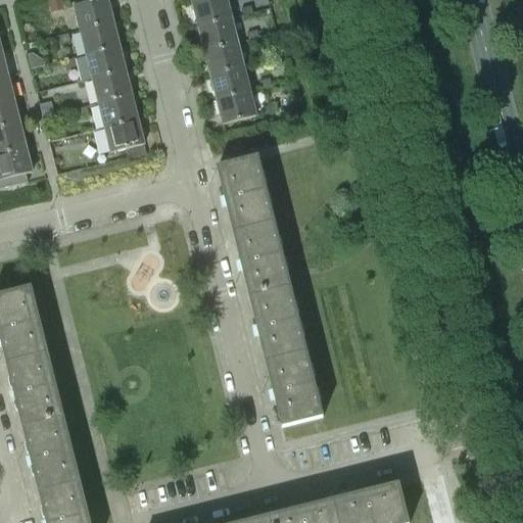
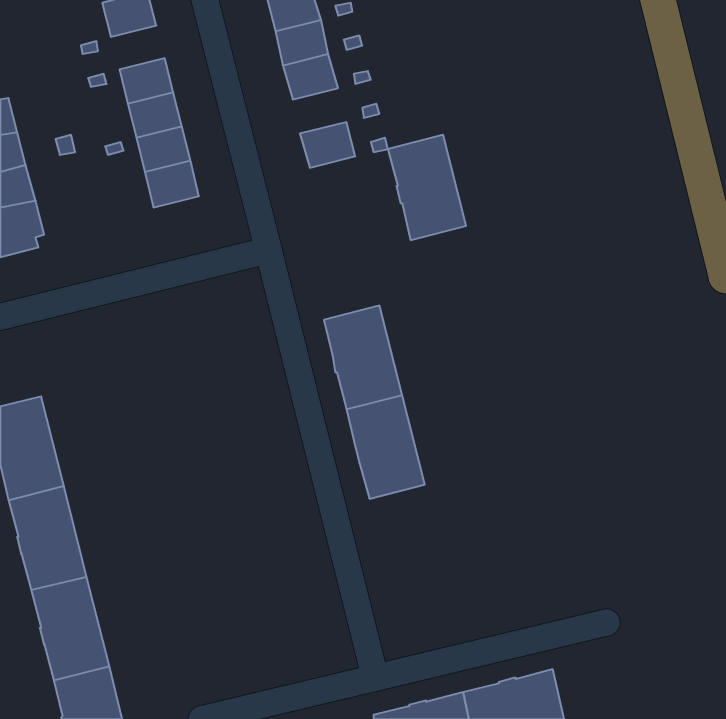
building: [80,18,118,50] -> none
building: [210,63,249,96] -> none
building: [217,154,273,230] -> [388,135,466,240]
building: [266,348,322,424] -> none

